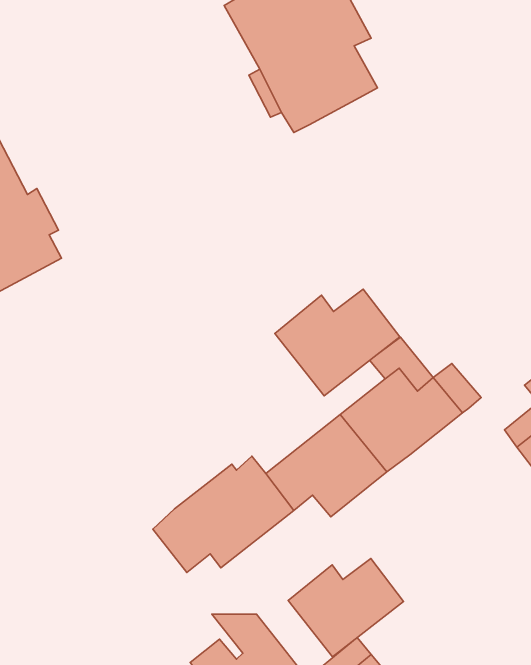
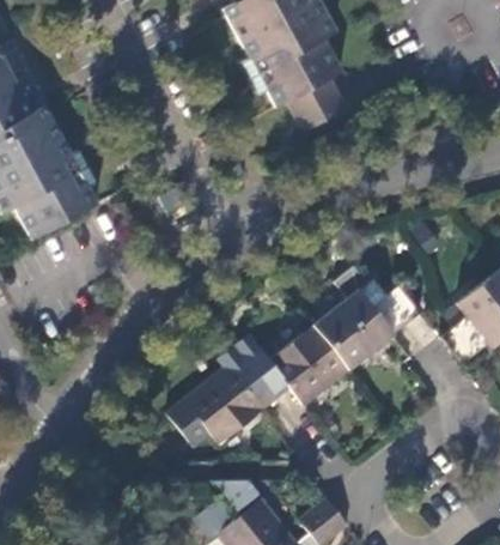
building: none -> [288,79,347,133]
building: [275,289,400,396] -> none
building: [288,558,404,657] -> none

